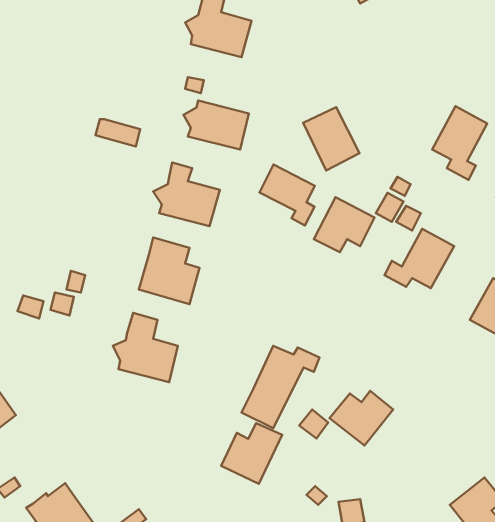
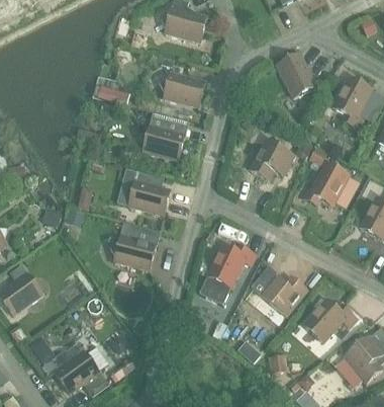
building: [303,107,359,171] -> [277,54,316,98]
building: [259,165,315,225] -> none
building: [221,423,282,484] -> none
building: none -> [304,300,356,341]

